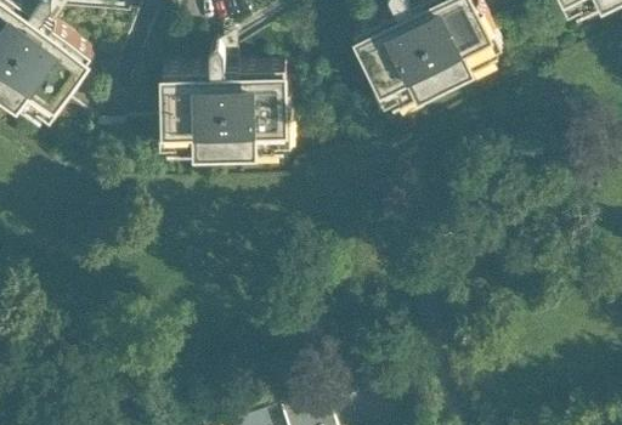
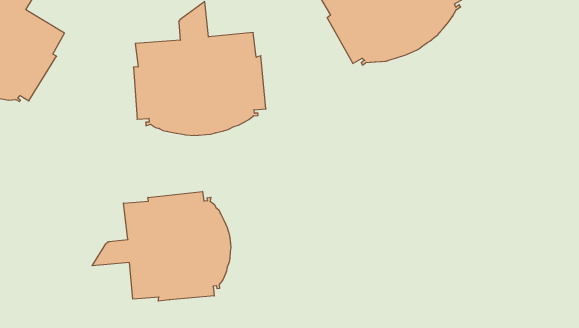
building: none -> [92,191,231,301]

